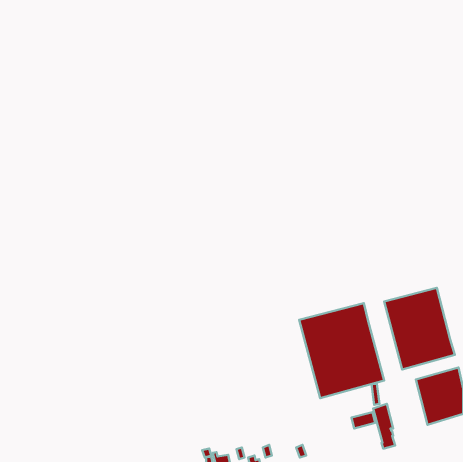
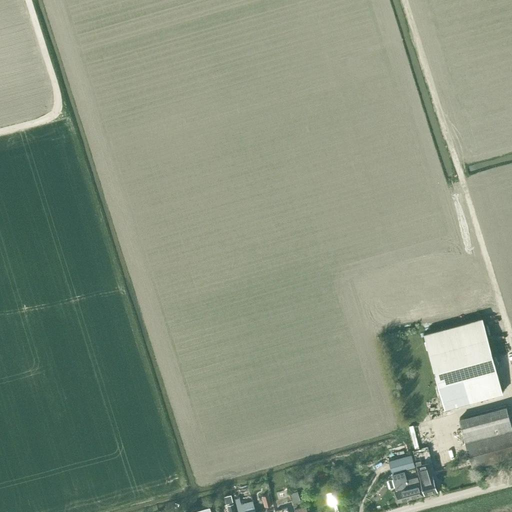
building: [299,303,384,398] -> none
building: none -> [392,473,423,504]

